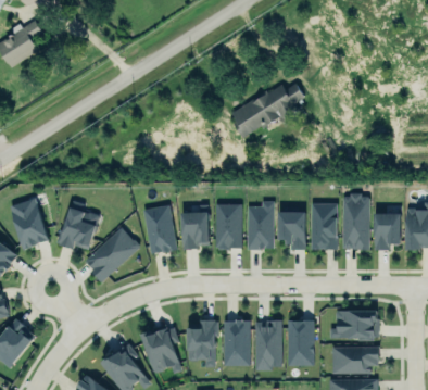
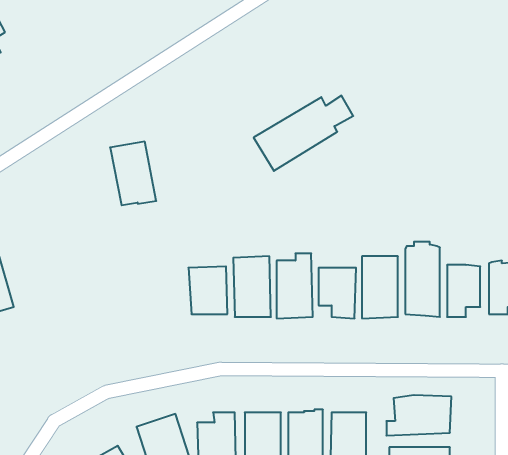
building: [142,205,177,253] -> [110,142,156,205]
building: [56,206,99,250] -> none
building: [85,227,139,281] -> none

